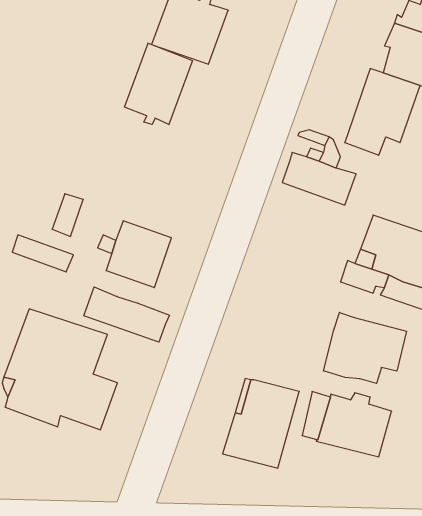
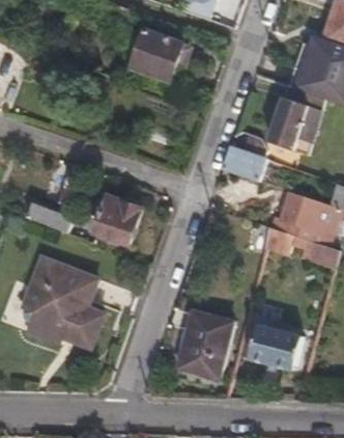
building: [125,43,192,125] -> none
building: [84,287,169,342] -> none
building: [323,312,406,383] -> none

